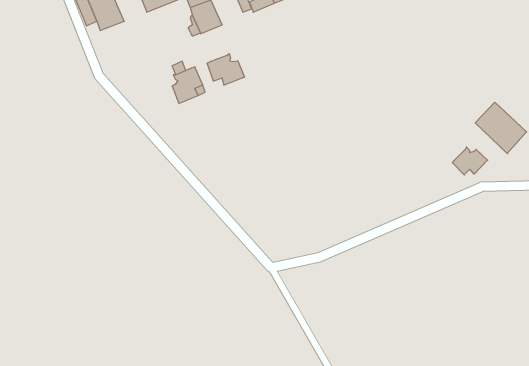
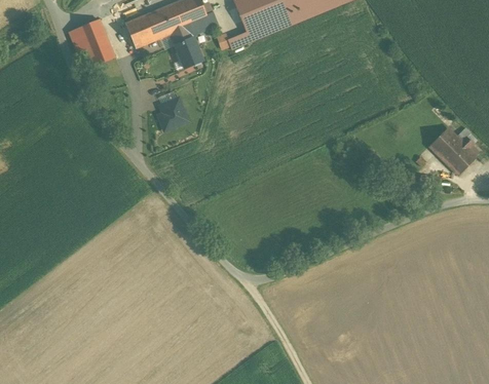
building: [207,54,244,85] -> none
building: [452,147,488,175] -> none

